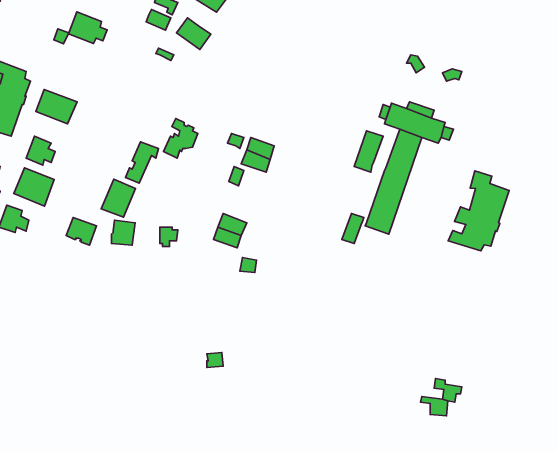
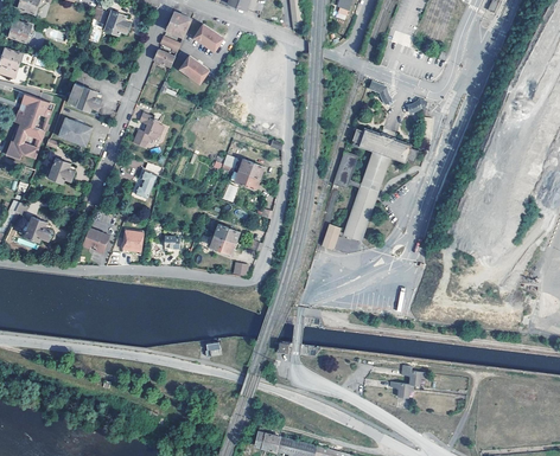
building: [69,12,107,44] -> [68,84,101,111]
building: [163,118,198,158] -> [132,113,161,147]
building: [14,168,54,206] -> none
building: [448,171,509,251] -> none
building: [101,179,135,217] -> none

